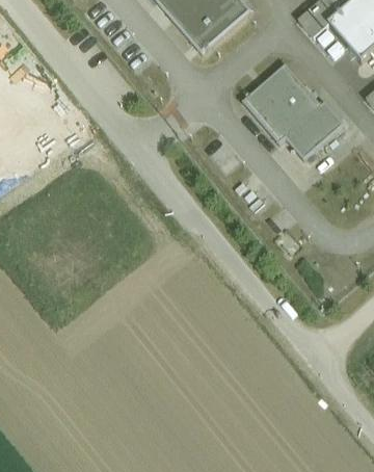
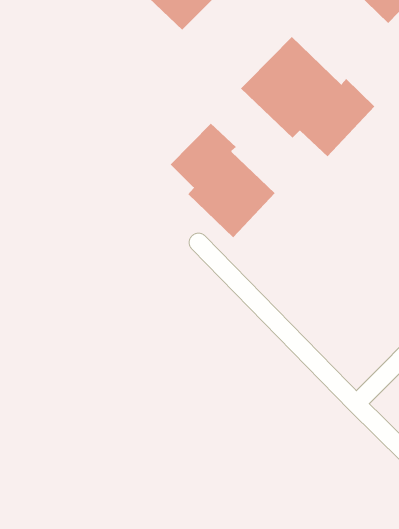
building: none -> [170,123,276,238]

